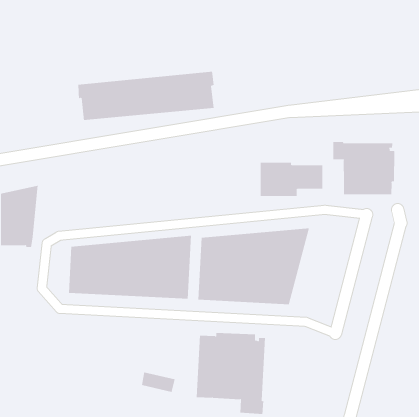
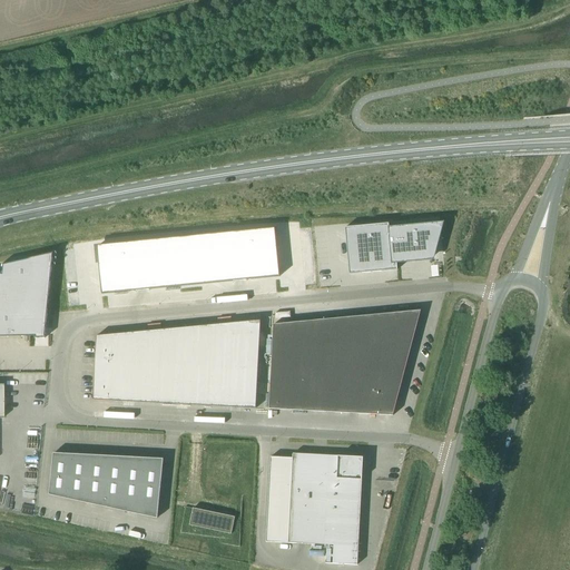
building: [77,71,214,120] -> [94,225,279,292]
building: [333,141,395,195] -> none
building: none -> [49,452,163,517]

